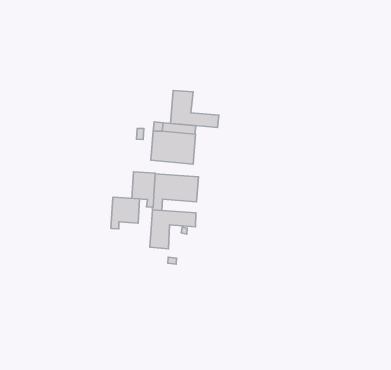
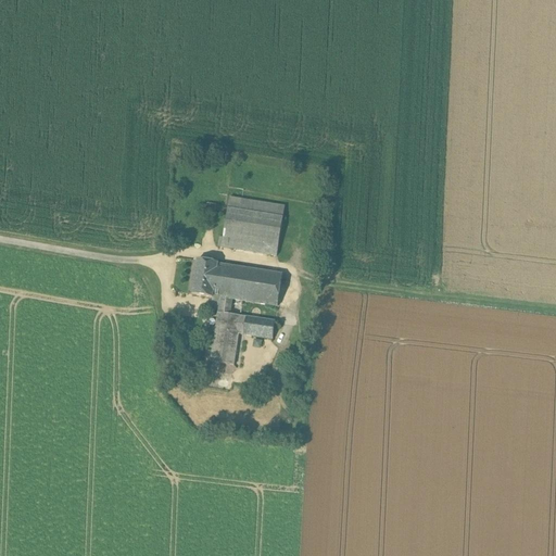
building: [170,90,219,128] -> none
building: [111,197,140,229] -> none

